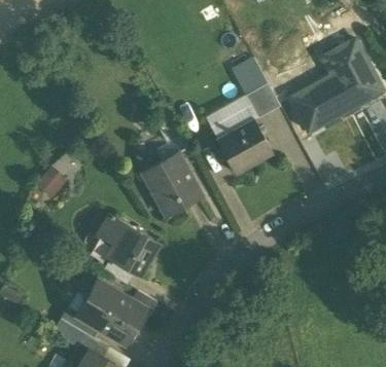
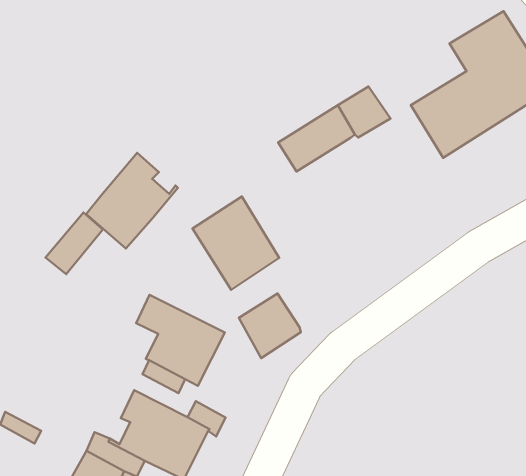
building: [232,58,267,95] -> none
building: [214,117,272,174] -> none
building: none -> [86,153,178,248]
building: none -> [239,294,301,358]

